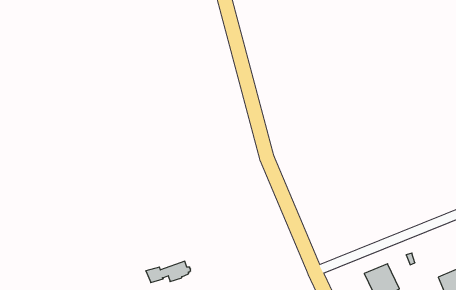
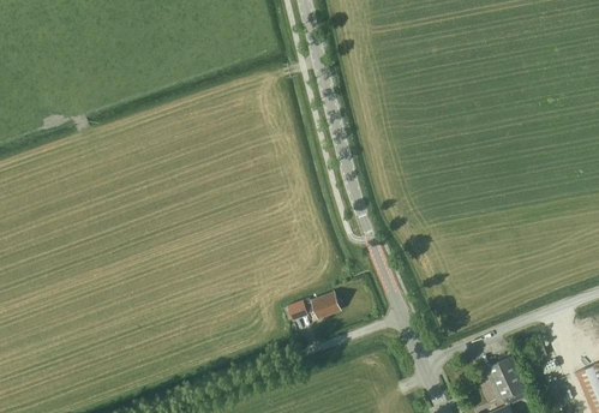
building: [146,261,191,283] -> [287,293,342,319]

